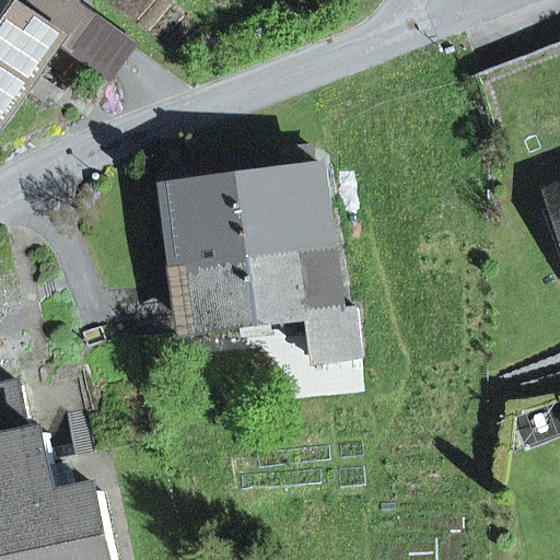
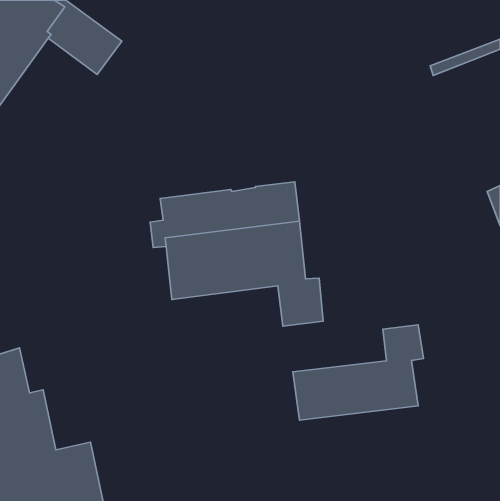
building: [174,151,328,222] -> none
building: none -> [293,325,424,420]

